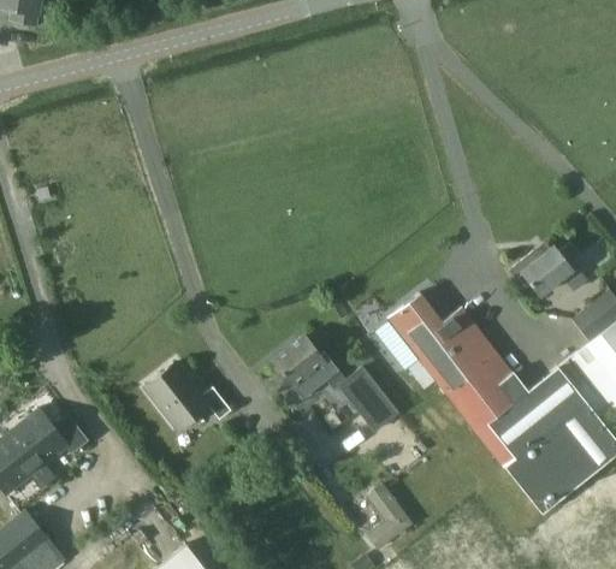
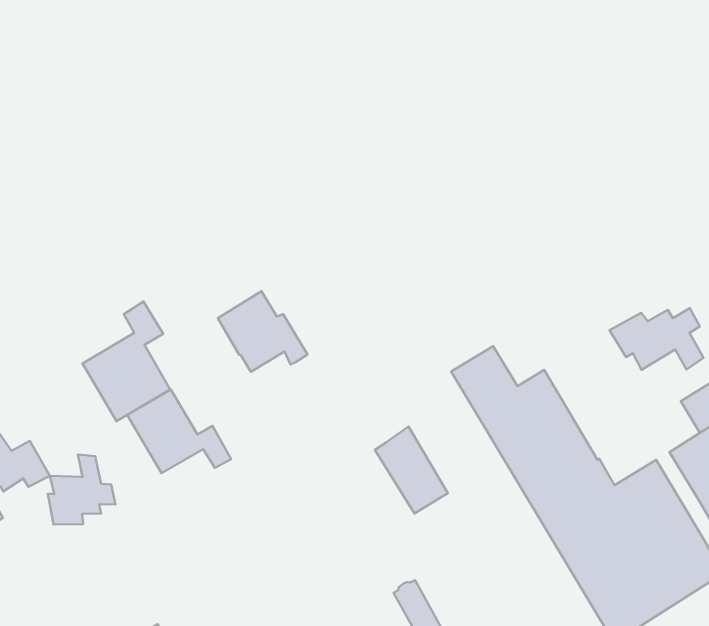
building: none -> [83,302,170,421]
building: [272,336,345,399] -> [218,291,307,372]
building: none -> [48,455,116,525]

